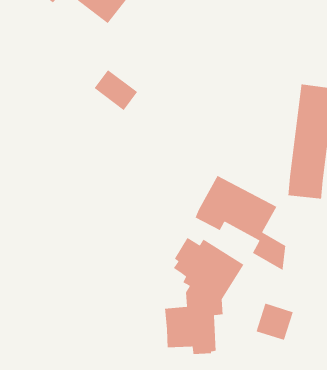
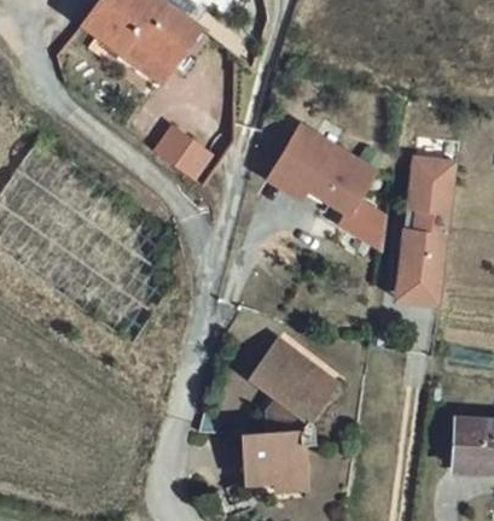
building: [194,175,286,271] -> [269,125,385,247]
building: [255,303,294,341] -> none

